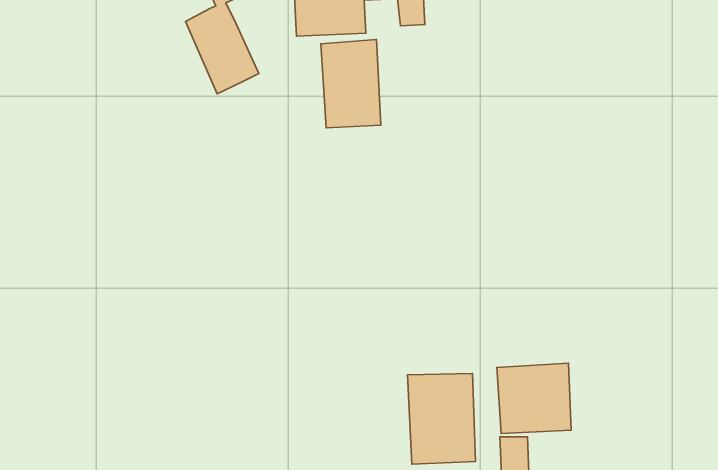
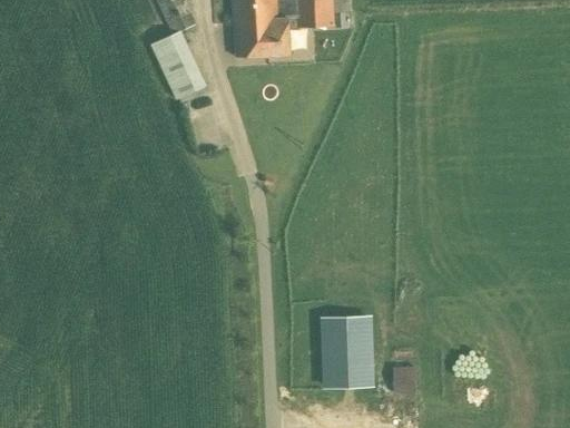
building: [321,40,381,128] -> none
building: [497,363,571,433] -> none

